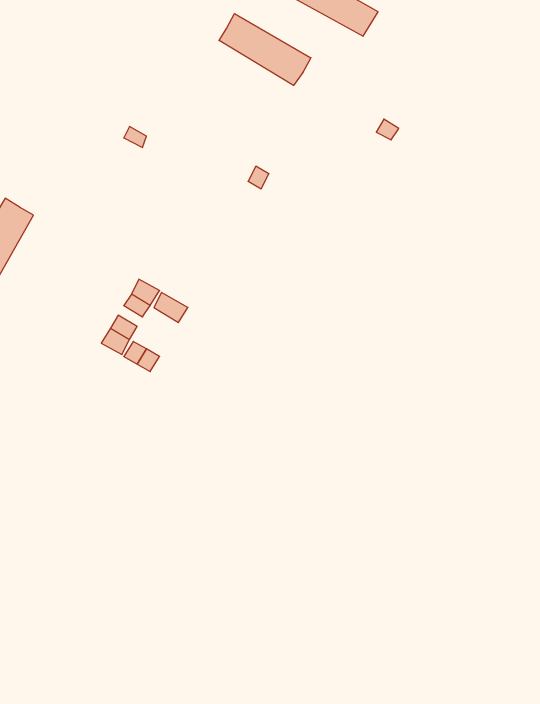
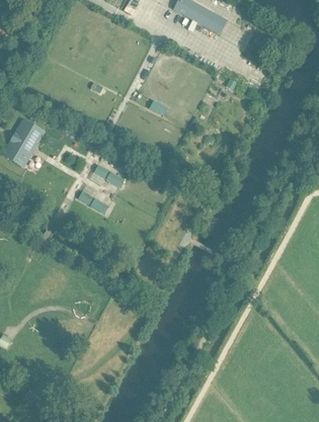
building: [219,14,311,85] -> none

